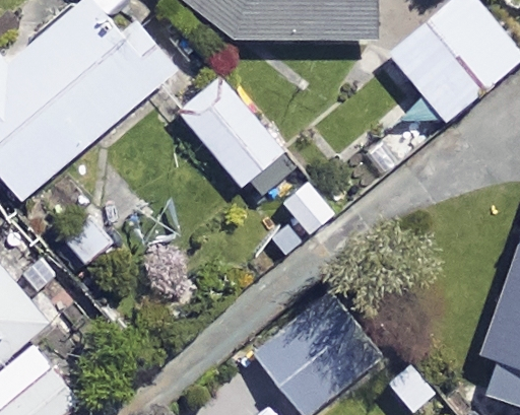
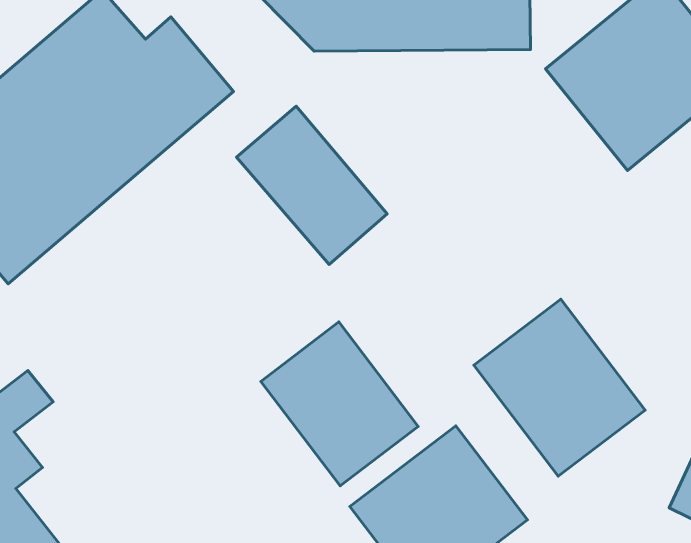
building: none -> [474,299,645,476]
building: none -> [261,322,418,486]

